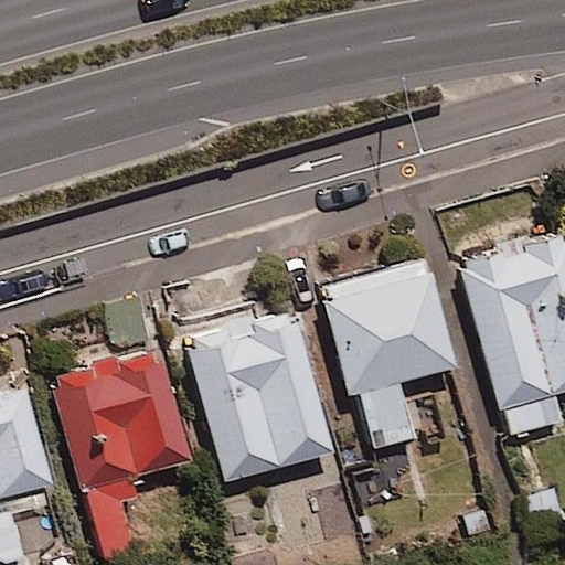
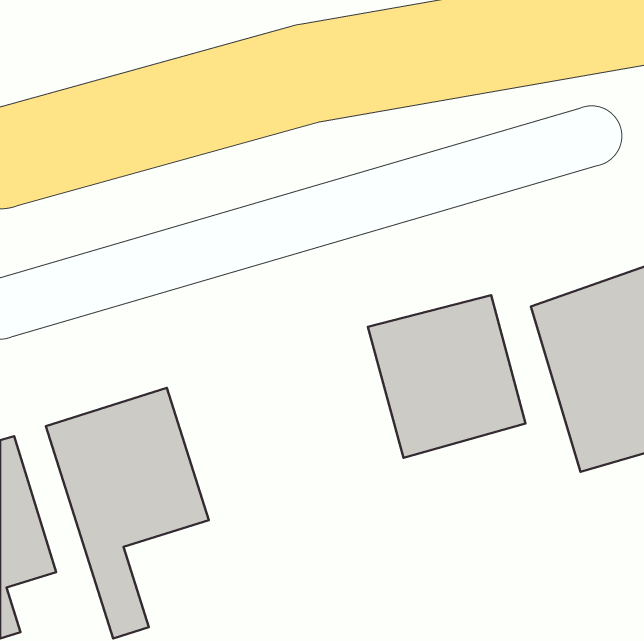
building: [181,308,328,481] -> none

